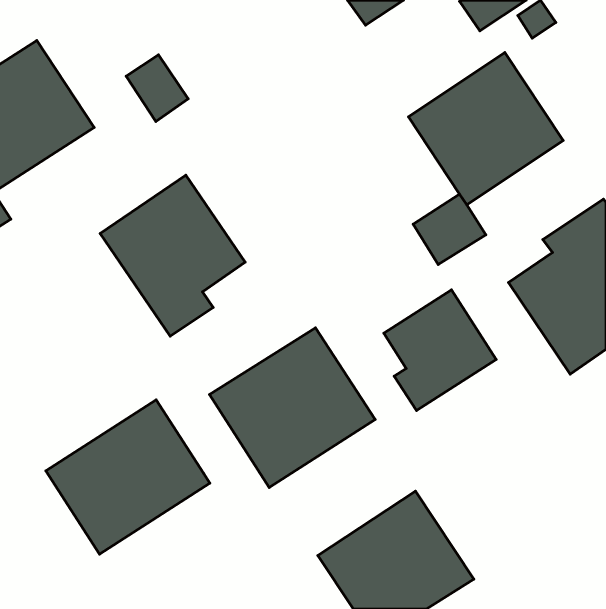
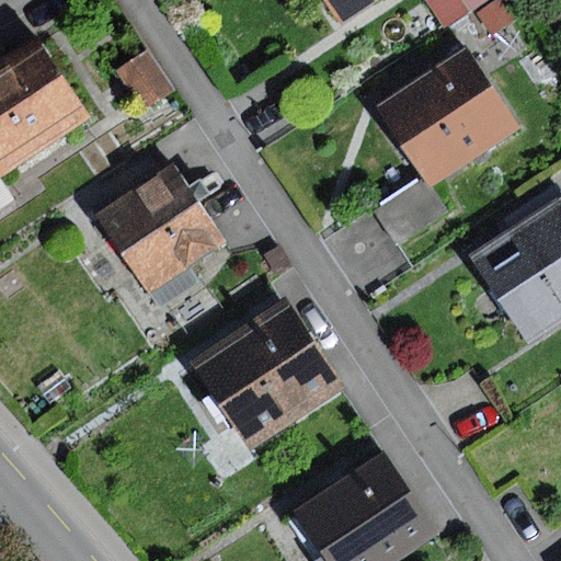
building: [384,290,496,410] -> none
building: [46,400,210,554] -> none

